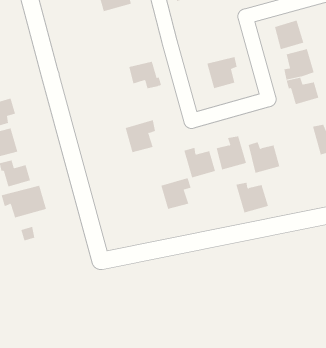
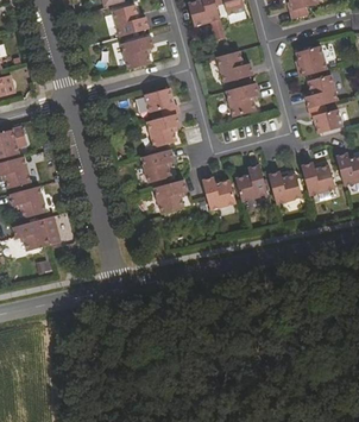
building: none -> [121,34,153,68]
building: none -> [216,50,253,81]
building: none -> [147,113,180,146]
building: [160,177,191,209] -> [155,178,187,212]
building: [236,182,269,213] -> [301,162,335,194]

